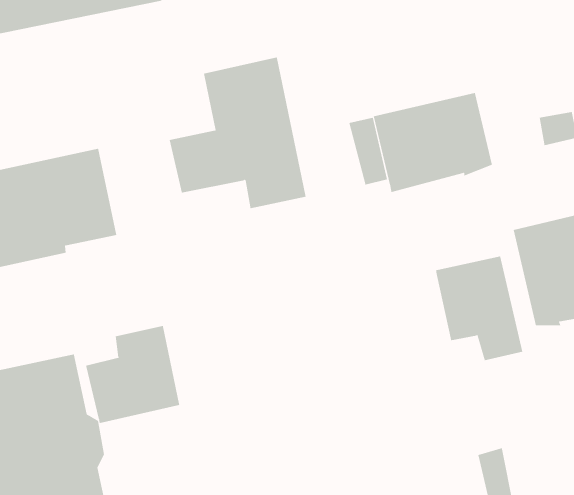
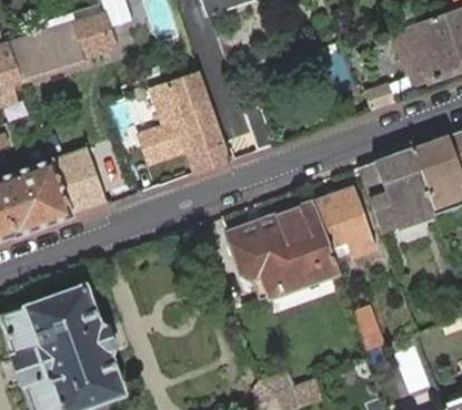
building: [373,92,492,193] -> none
building: none -> [230,202,338,295]
building: [86,325,180,424] -> none

